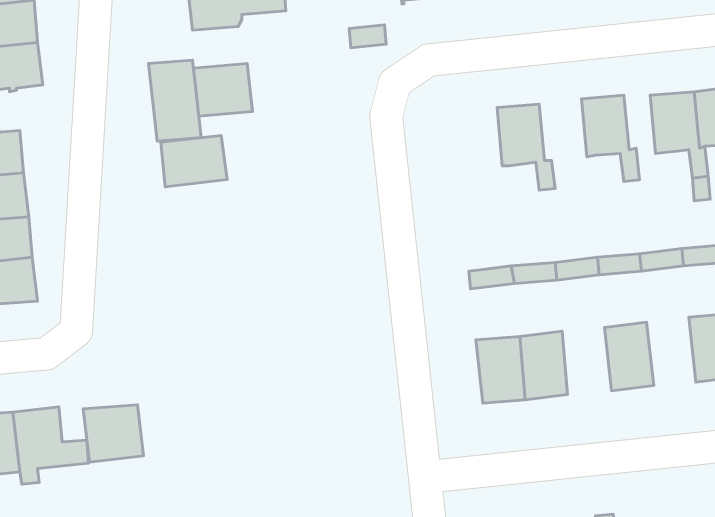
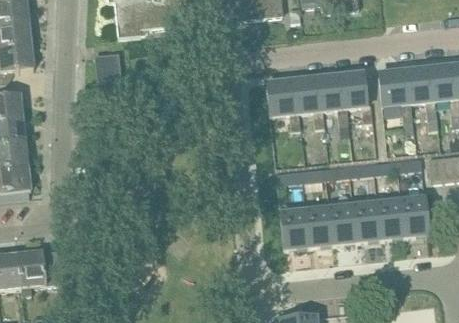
building: [193,64,253,116] -> none
building: none -> [315,74,350,137]
building: none -> [266,79,300,128]
building: [161,135,227,187] -> none
building: none -> [376,198,404,237]
building: none -> [328,204,356,242]
building: [83,405,144,462] -> none

